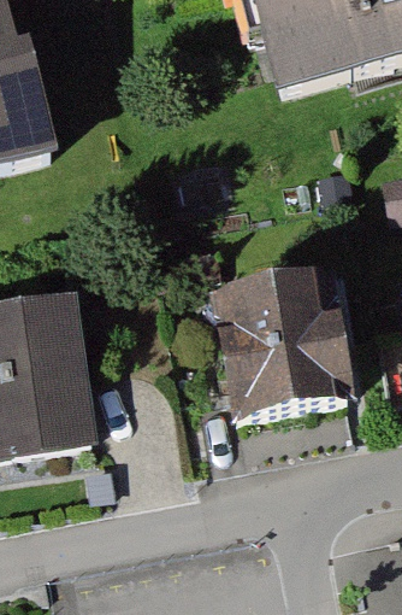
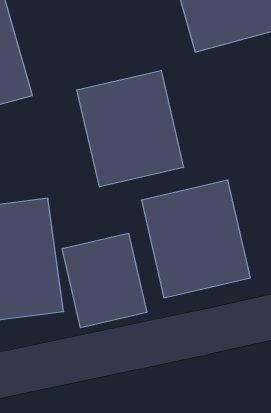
building: none -> [77,70,183,187]
building: none -> [62,233,147,328]

